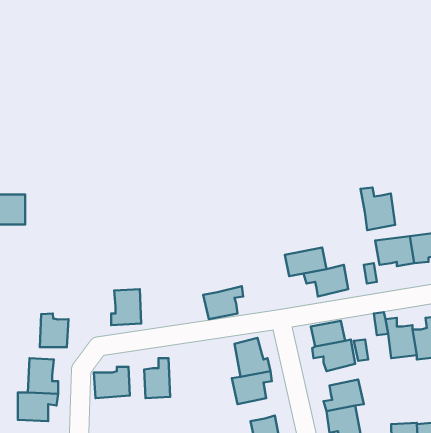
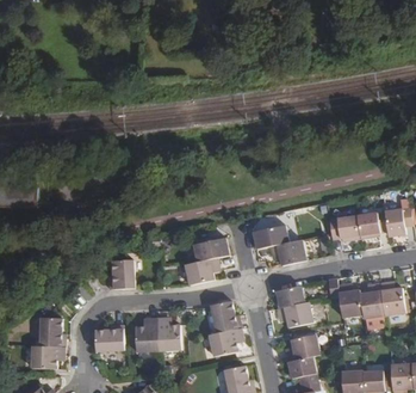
building: [361,188,395,230] -> none
building: none -> [193,237,228,262]
building: [40,314,69,347] -> none
building: none -> [156,317,181,349]

